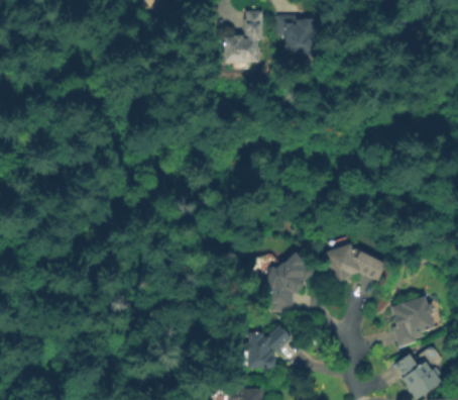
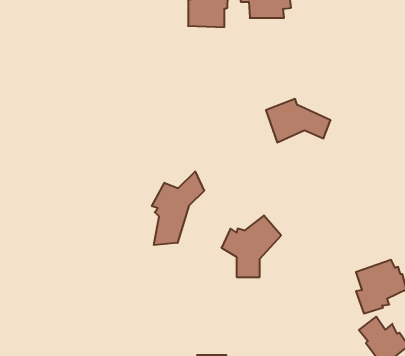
building: none -> [152,171,204,245]
building: [322,240,386,284] -> [266,99,331,142]
building: [244,323,293,367] -> none

